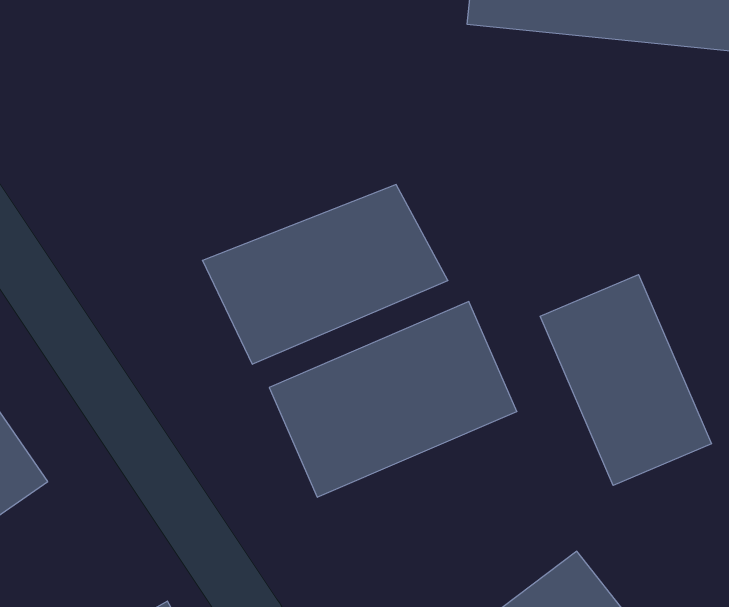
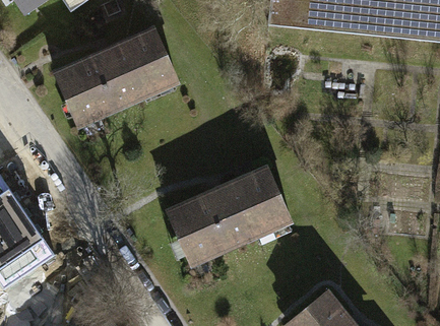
building: [202,185,448,364] -> [53,36,178,127]
building: [540,275,711,485] -> none

